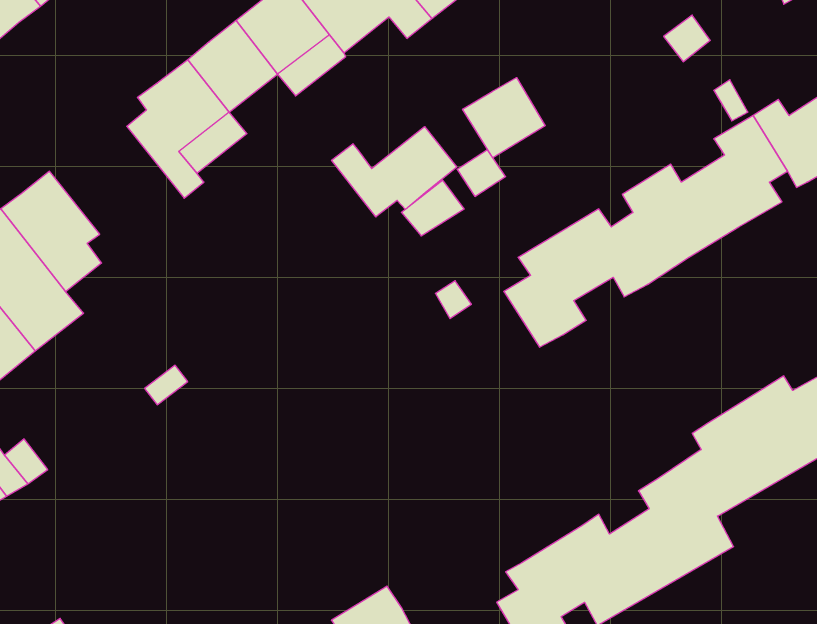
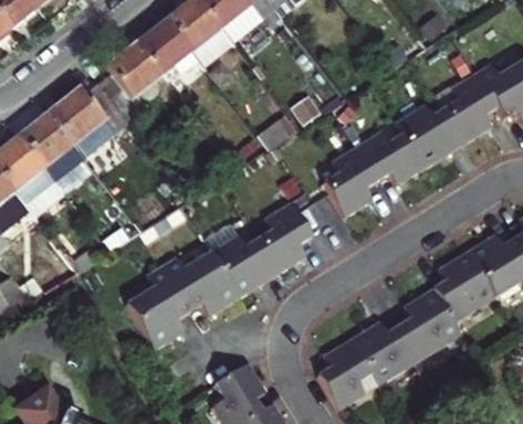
building: [463,78,545,158] -> none
building: none -> [42,81,125,158]
building: [332,127,457,217] -> none
building: none -> [127,202,312,350]

